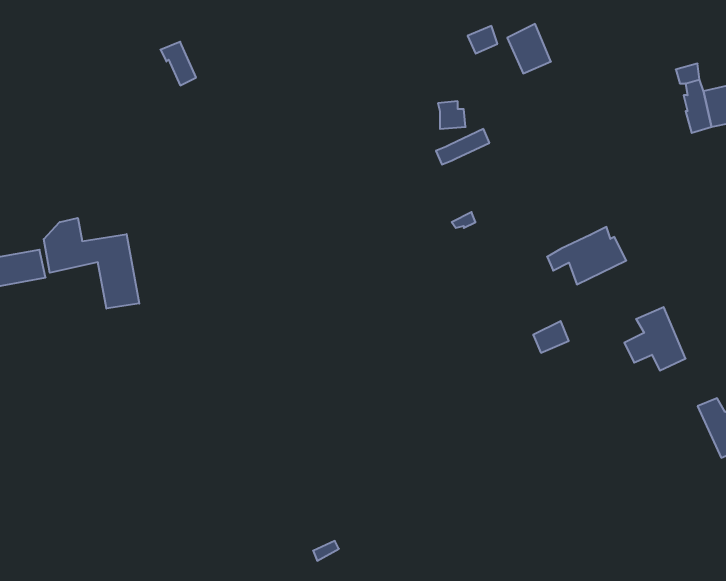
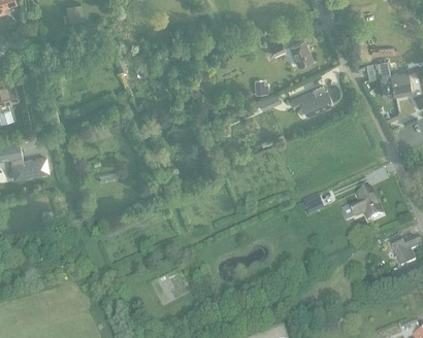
building: [44,218,139,309] -> none
building: [547,227,626,284] -> [290,86,331,115]

